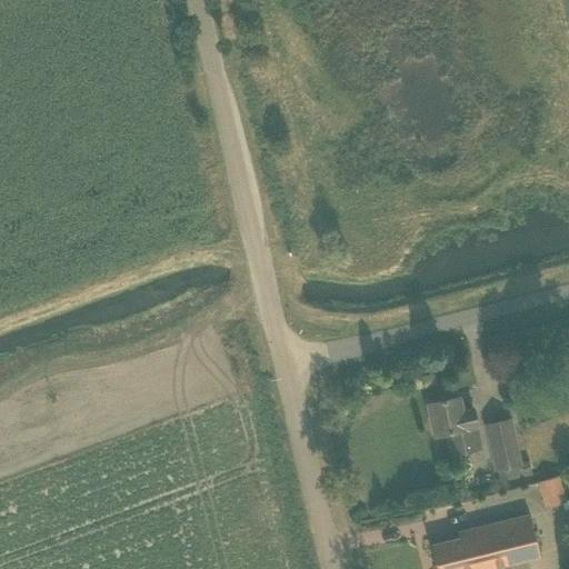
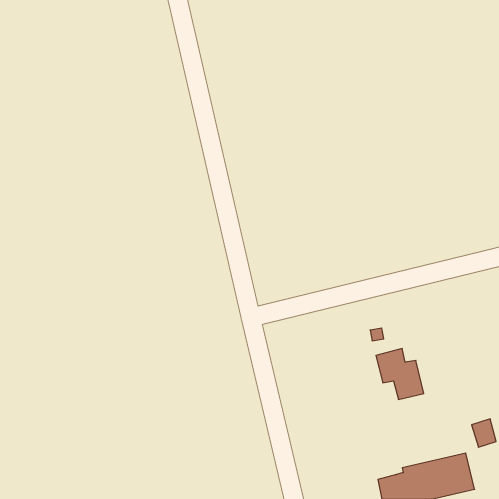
building: [485,419,531,483] -> none

